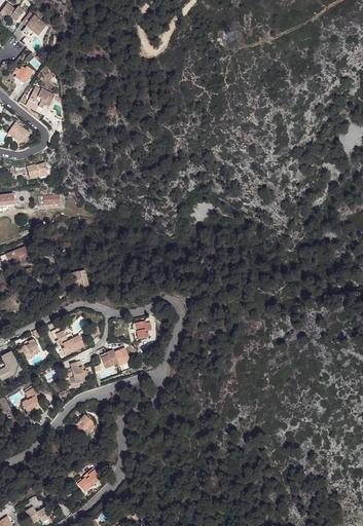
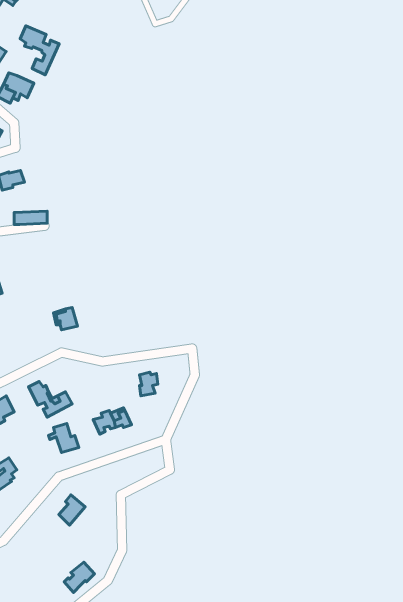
building: none -> [20,26,59,75]

